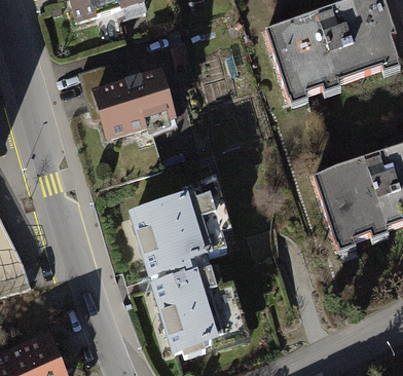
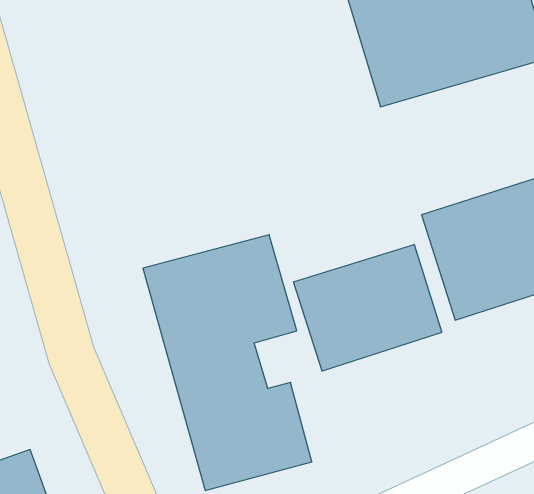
building: [97,72,174,137] -> none
building: none -> [294,244,442,371]

